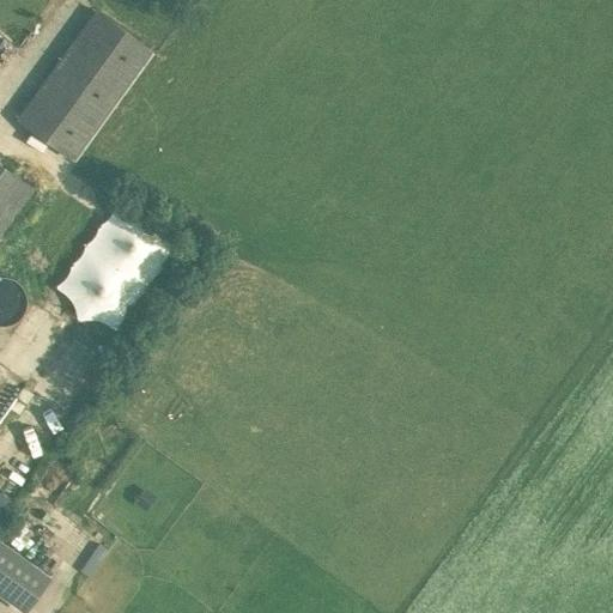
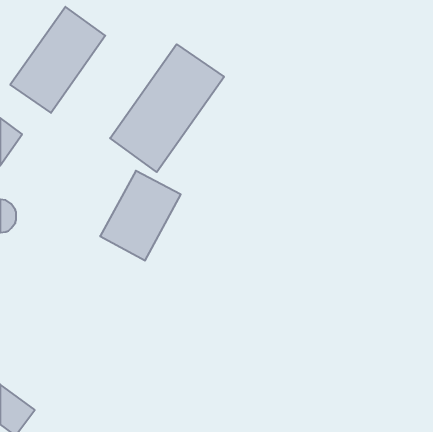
building: none -> [110,44,224,172]
building: [56,205,170,332] -> [100,171,181,261]

